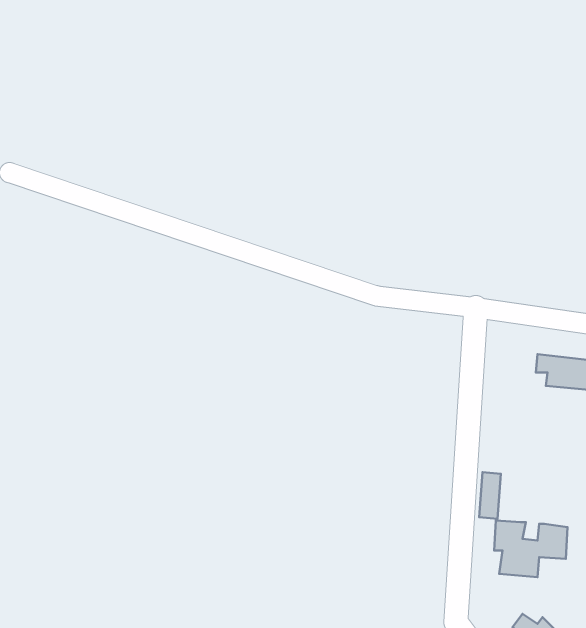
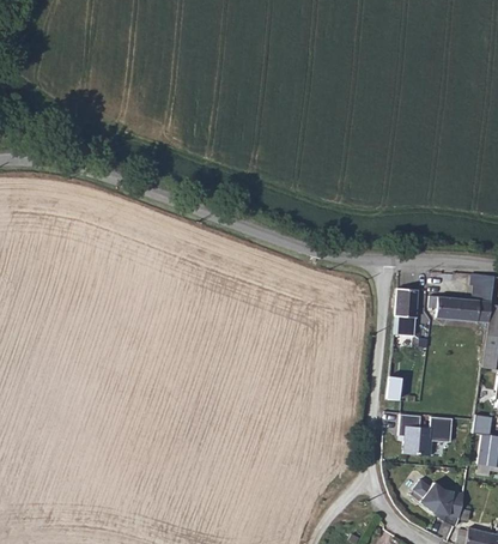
building: none -> [394,288,418,336]

